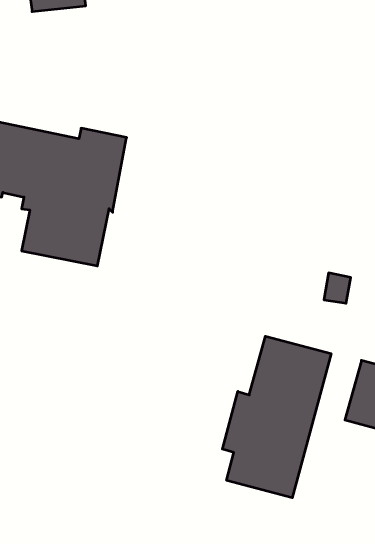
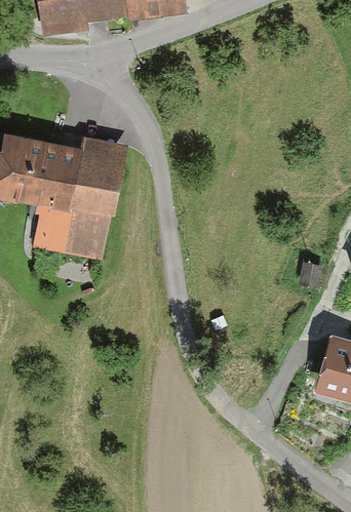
building: [222,336,331,498] -> none

